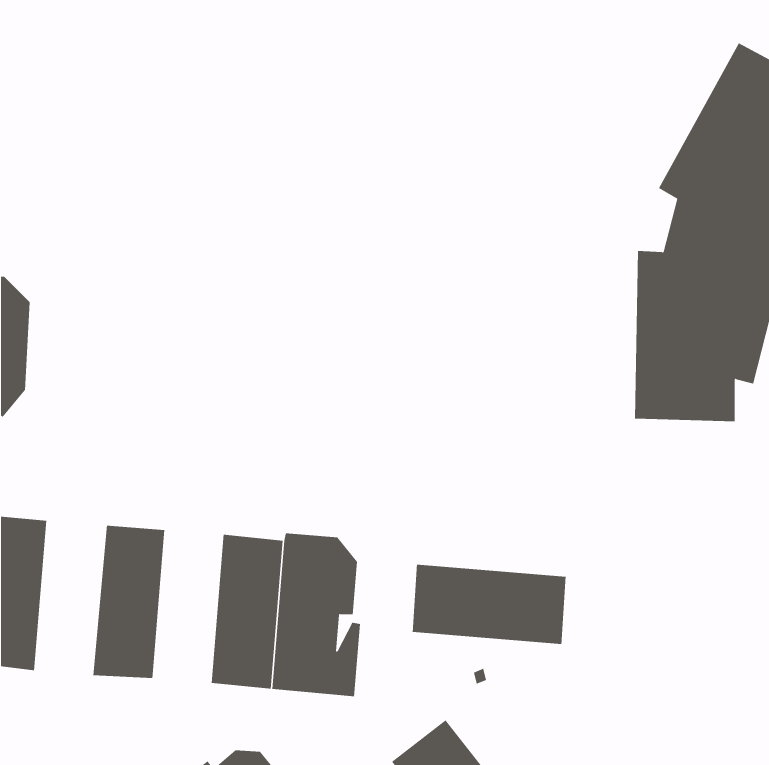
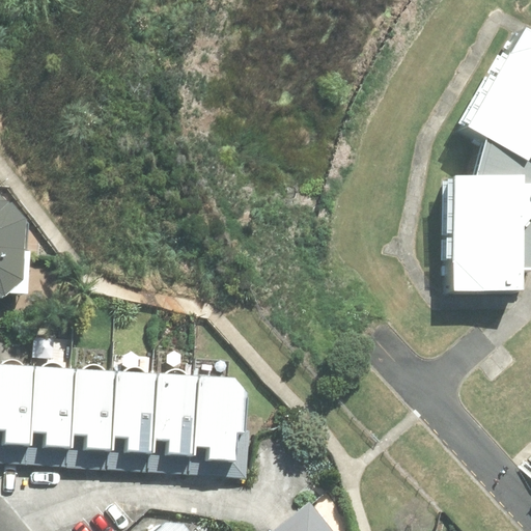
building: none -> [28,363,77,469]
building: none -> [109,369,157,474]
building: [412,564,566,645] -> none

